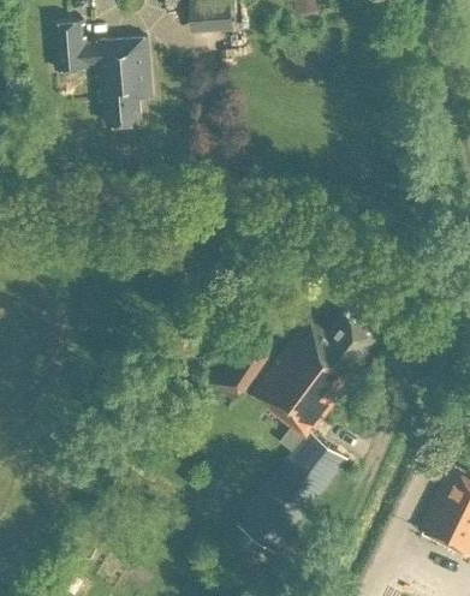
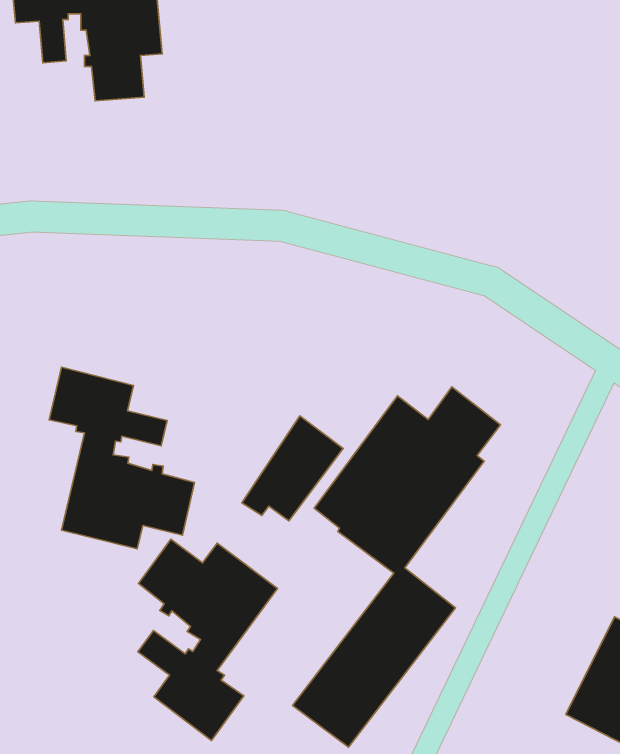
building: none -> [49,367,195,549]
building: none -> [138,539,278,740]

